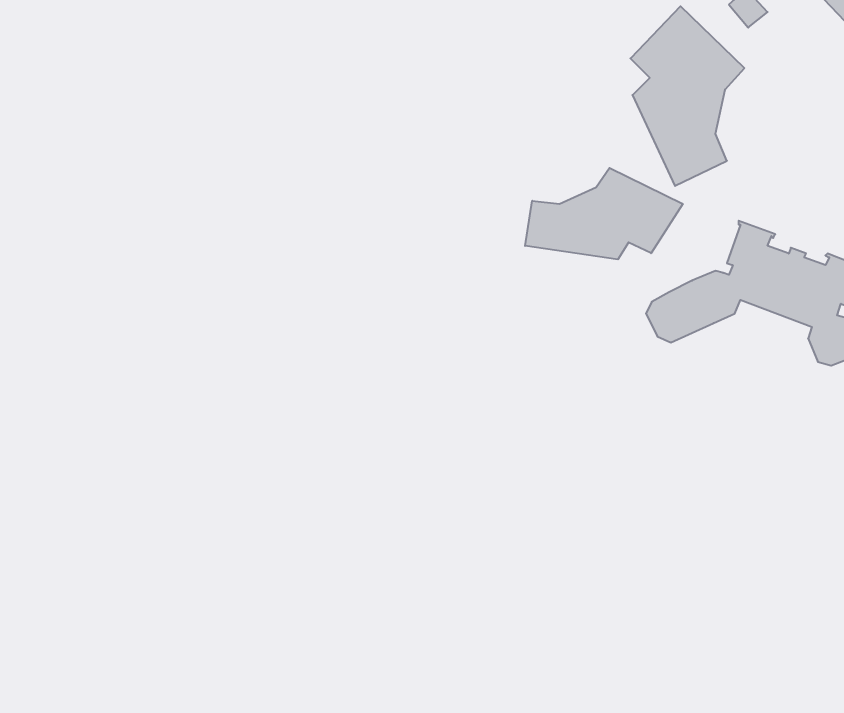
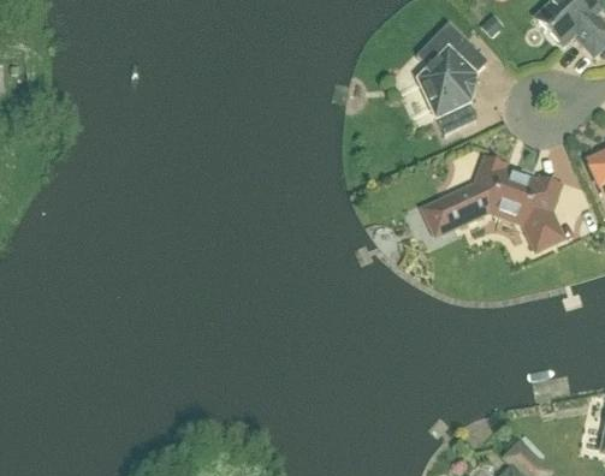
building: [525,168,683,259] -> none

